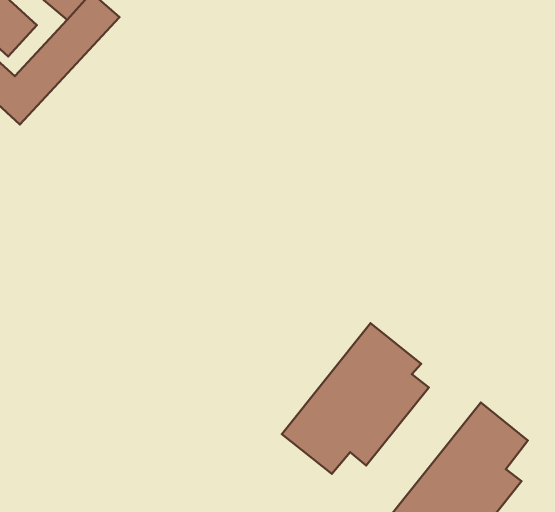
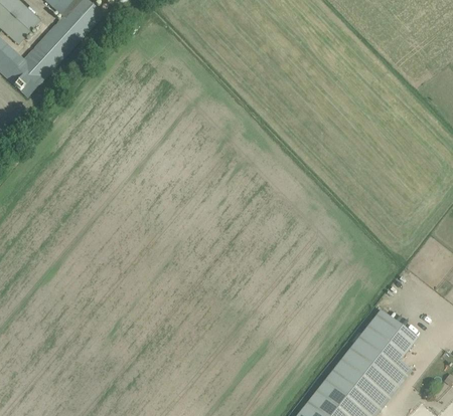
building: [282,323,429,474] -> none

